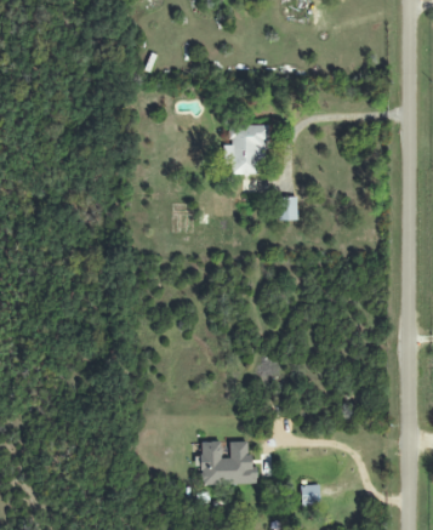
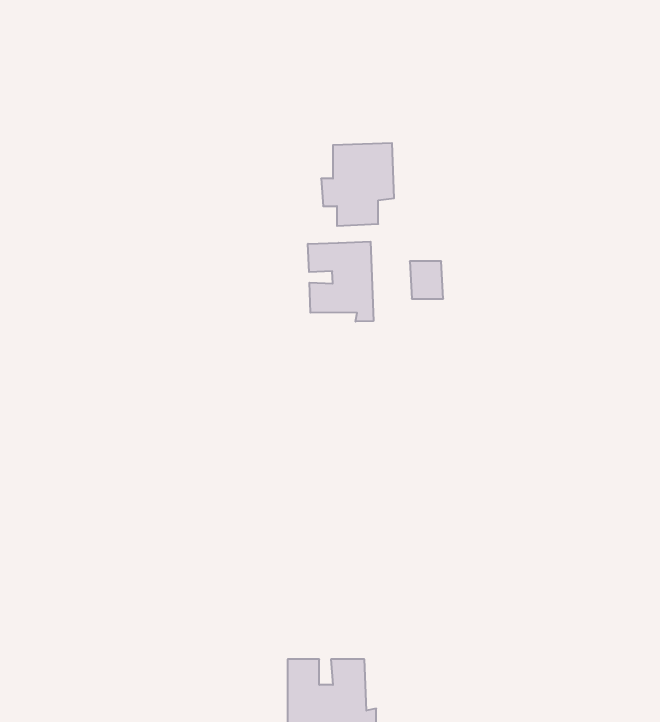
building: none -> [308,242,373,322]

